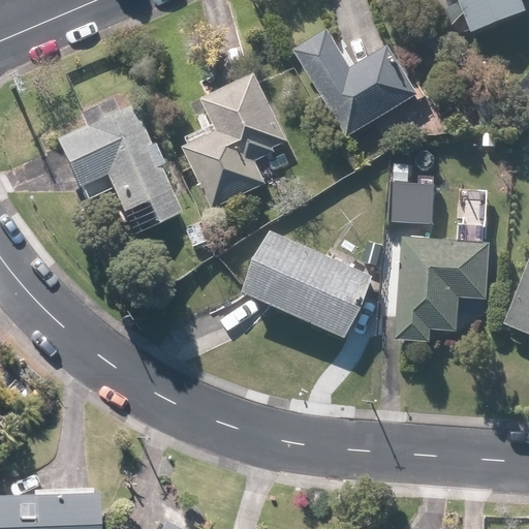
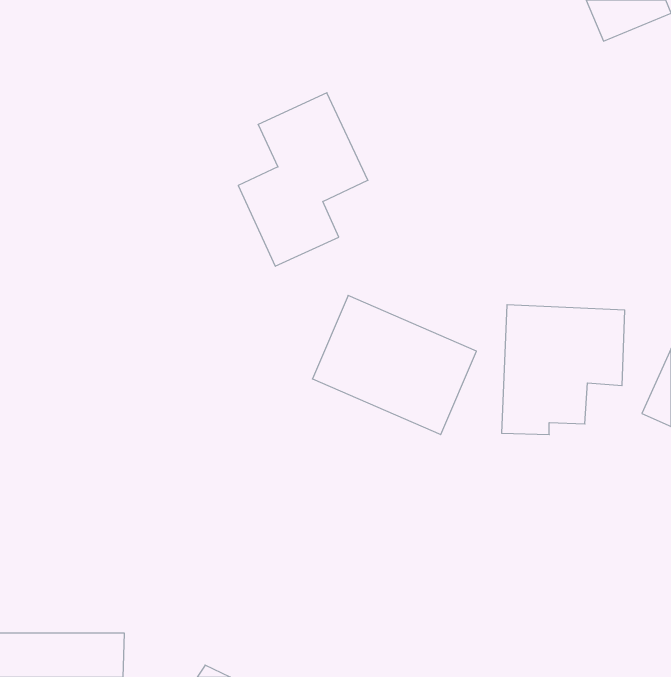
building: [299,33,418,137] -> none
building: [52,102,179,223] -> none
building: [392,183,435,223] -> none

